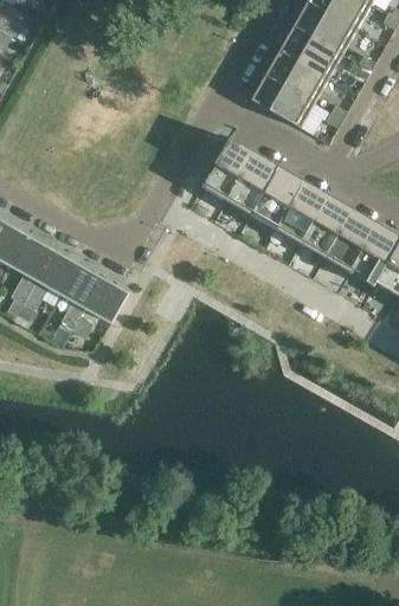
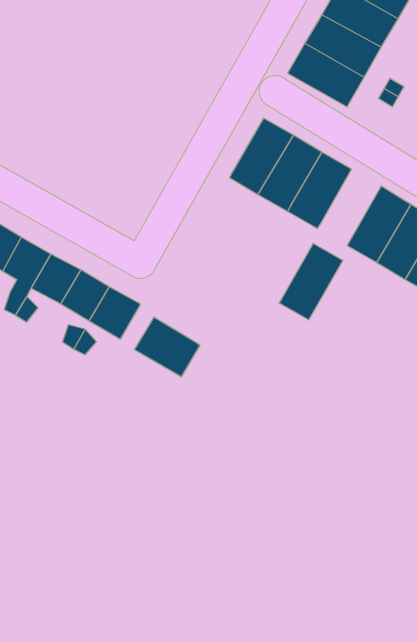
building: [275,179,328,243] -> [279,243,343,320]
building: none -> [135,317,200,377]

